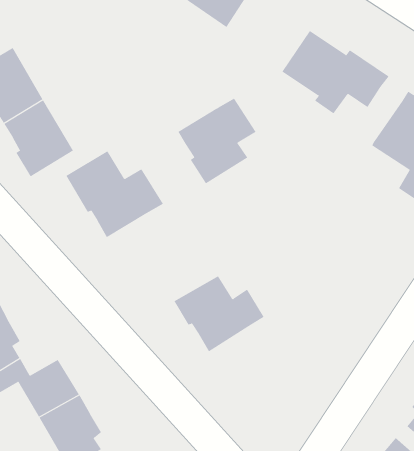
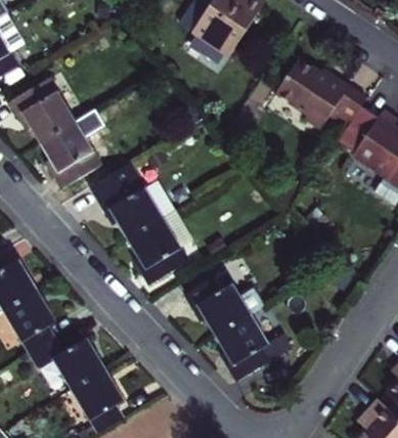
building: none -> [337,107,377,152]
building: [178,98,257,184] -> [128,206,194,278]
building: none -> [214,309,286,374]

